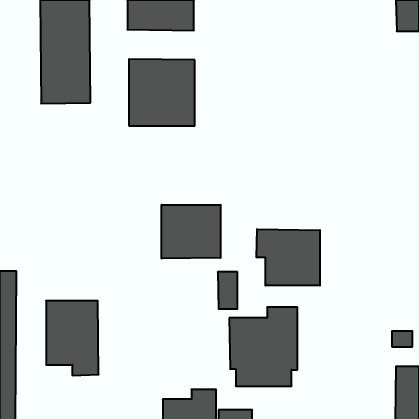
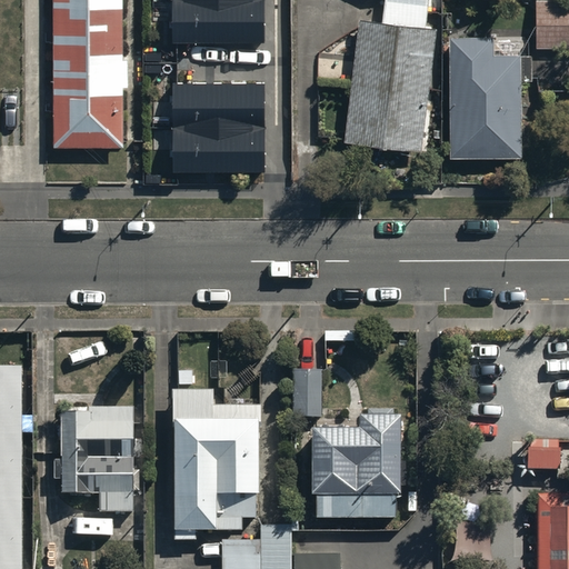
building: none -> [343,17,436,151]
building: none -> [448,36,519,152]
building: [162,205,221,259] -> none
building: [256,229,320,286] -> none
building: none -> [169,391,261,540]

